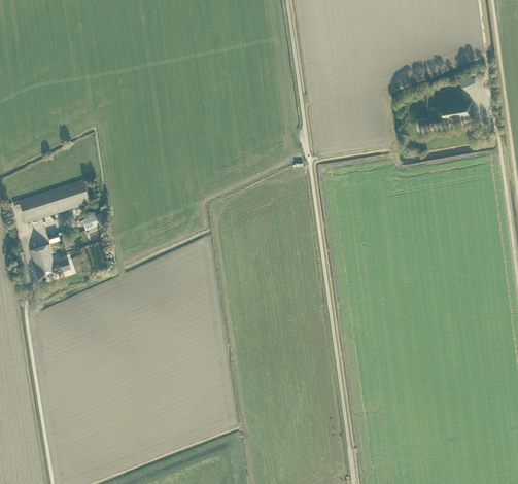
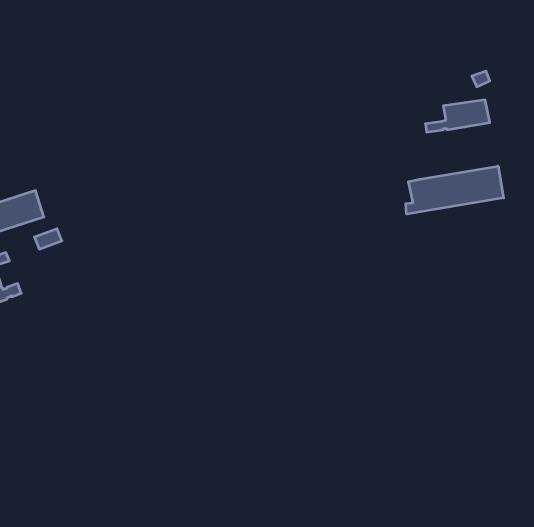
building: none -> [406,166,504,214]

